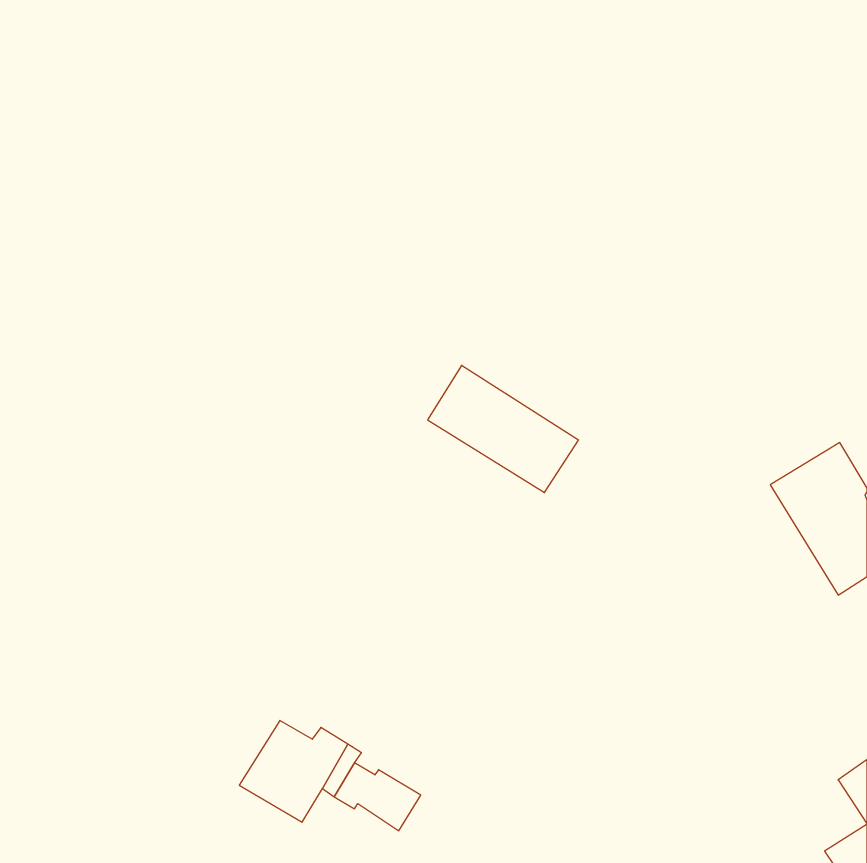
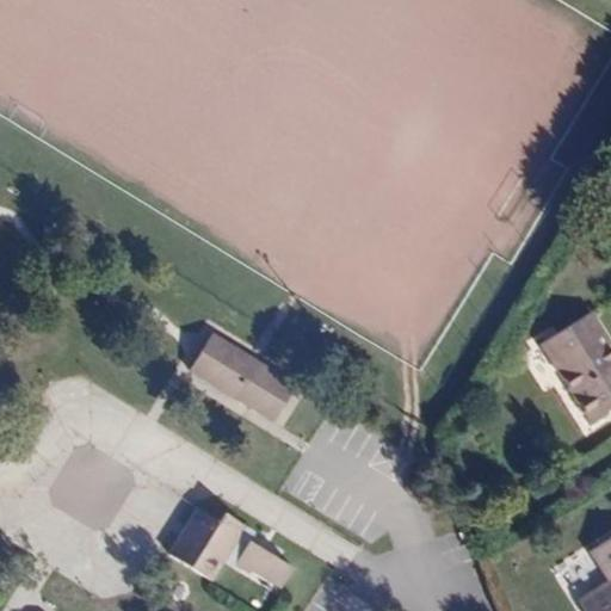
building: [428,365,579,493] -> [190,333,296,422]

